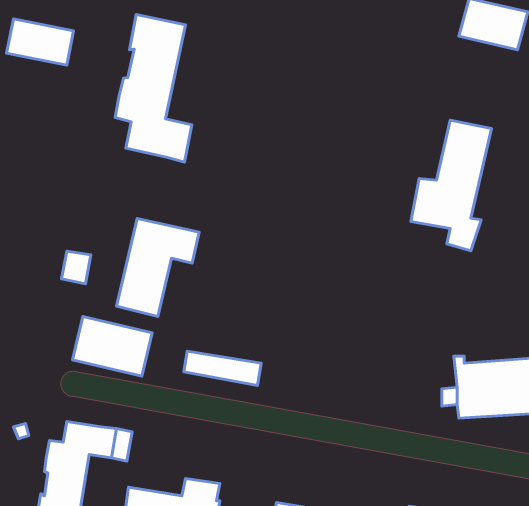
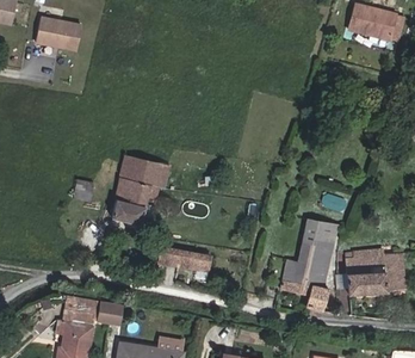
building: [115,14,192,162] -> none
building: [411,120,492,251] -> [281,220,337,310]
building: [73,317,152,376] -> none

